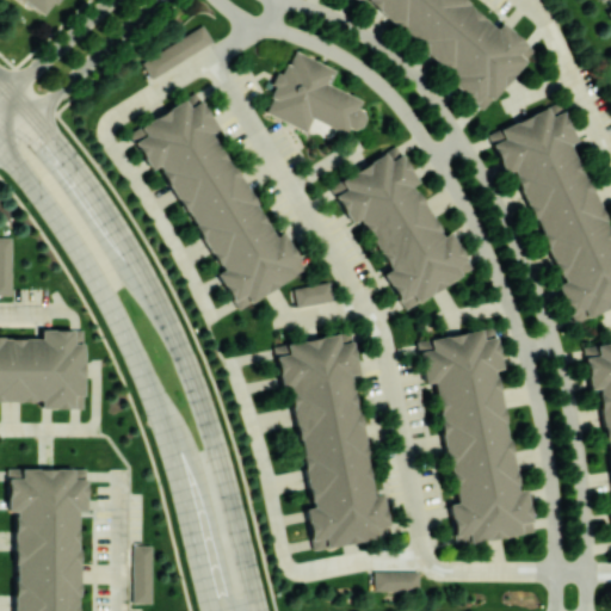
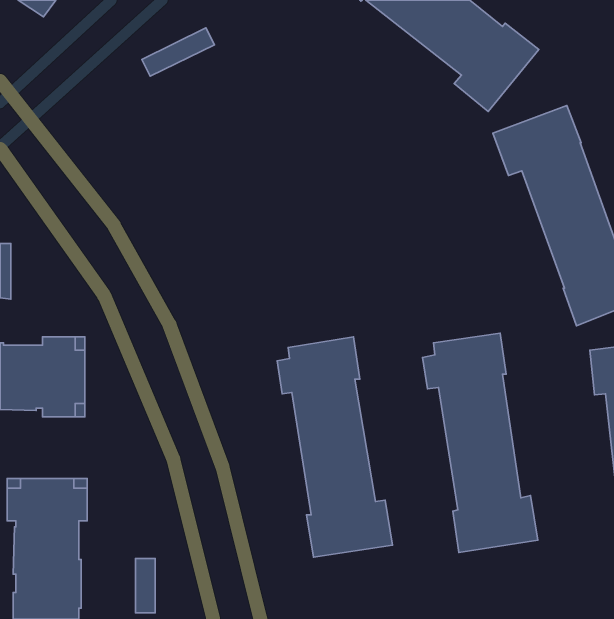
building: [272,51,374,134] -> none
building: [131,99,308,309] -> none
building: [332,147,475,308] -> none
building: [298,284,338,309] -> none
building: [376,570,421,591] -> none

